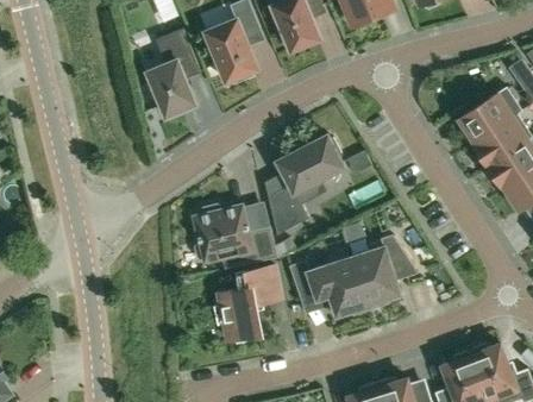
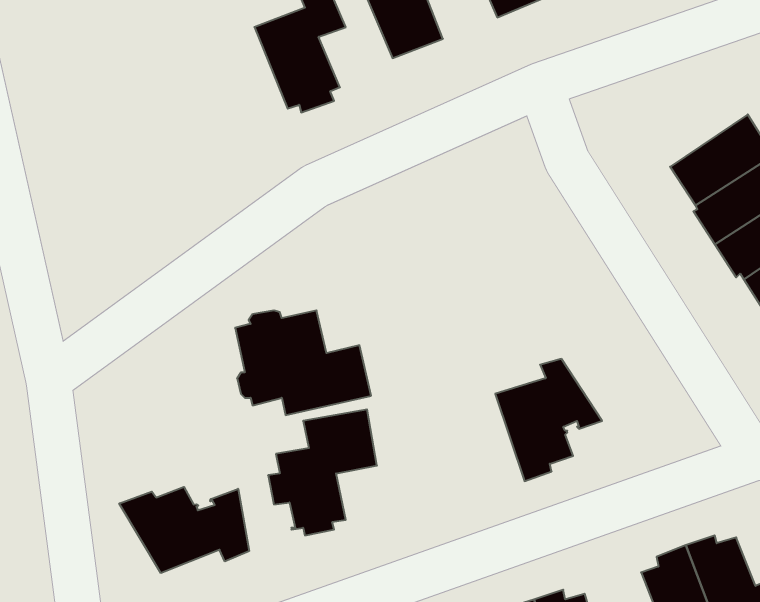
building: [146,30,197,118] -> none
building: [266,136,343,235] -> none
building: [289,257,370,316] -> none
building: none -> [119,487,249,573]

